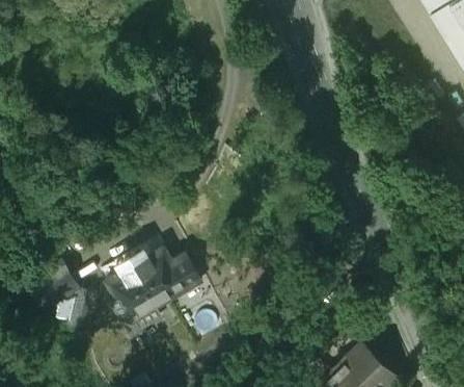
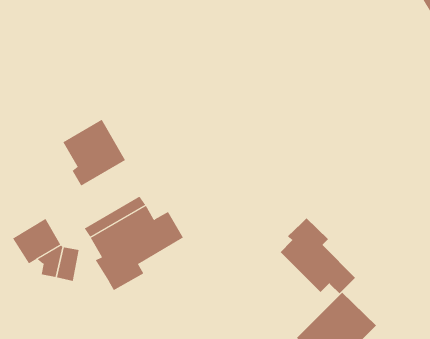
building: none -> [62,119,126,186]
building: none -> [280,217,356,294]

